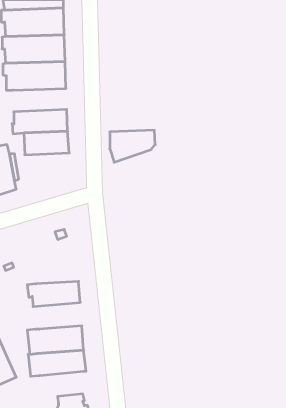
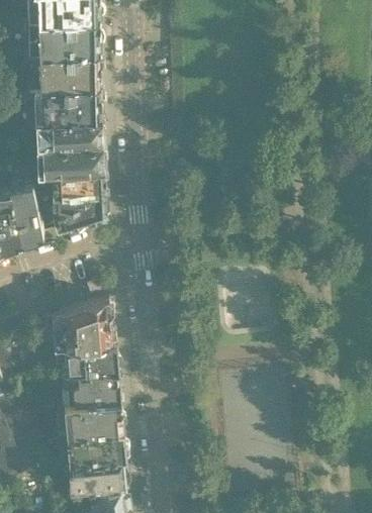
building: none -> [35,117,101,145]
building: [110,130,155,162] -> [51,195,105,233]
building: none -> [43,302,115,353]
building: none -> [61,375,119,407]
building: none -> [69,457,126,489]

